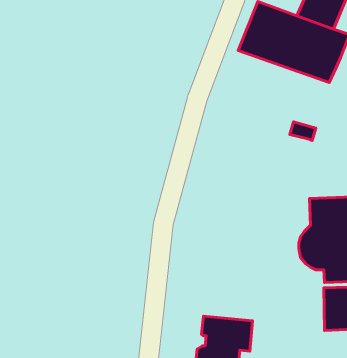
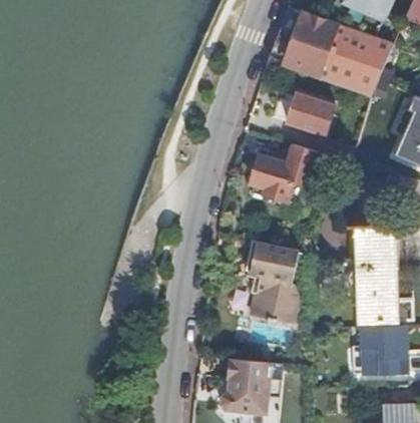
building: none -> [274,92,334,132]
building: none -> [251,143,318,201]
building: none -> [247,242,299,325]

